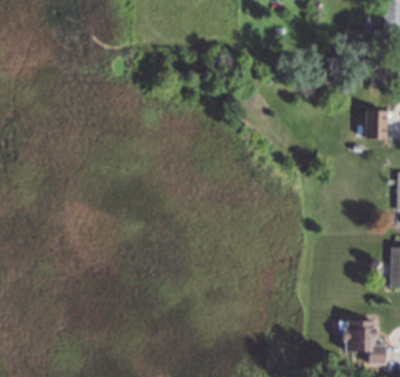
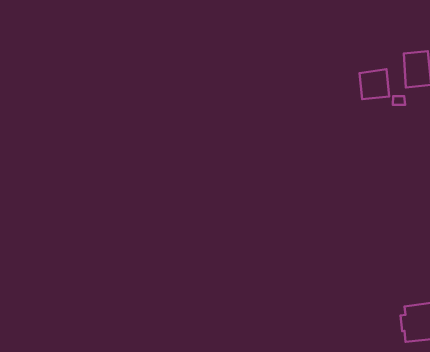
building: none -> [360,69,389,99]

